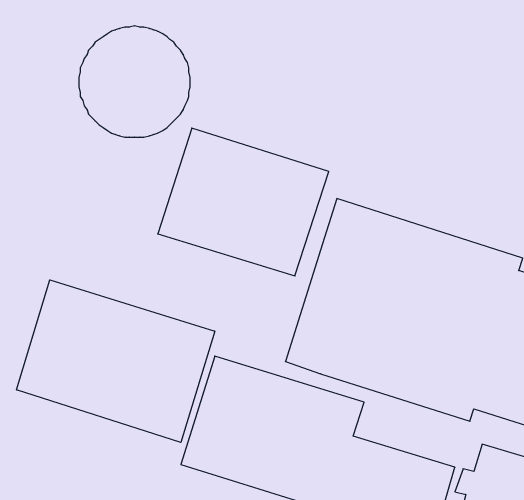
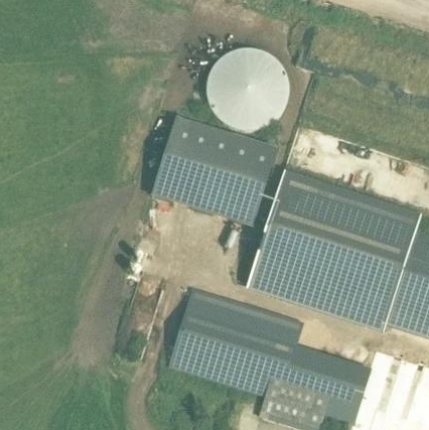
building: [79,26,190,137] -> [206,47,289,130]
building: [17,280,215,442] -> none

